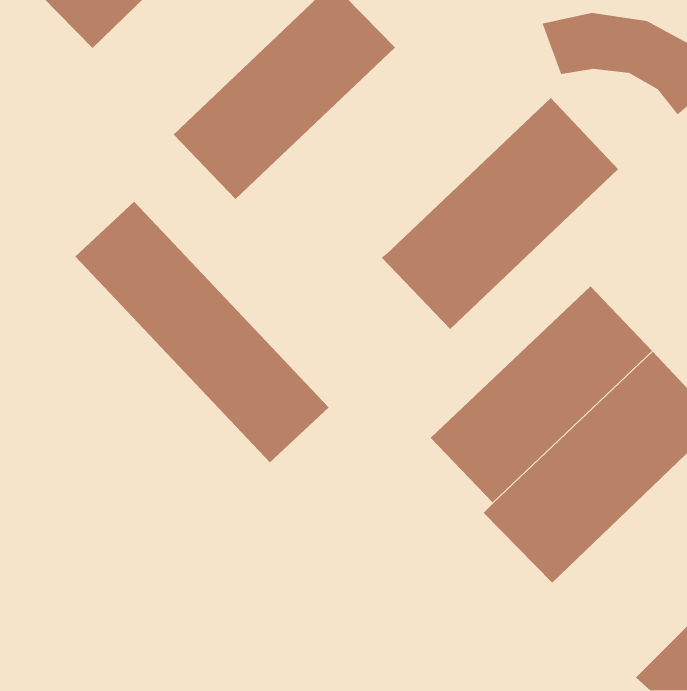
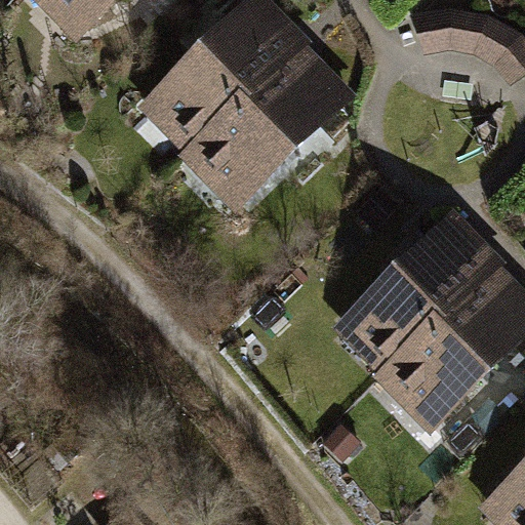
building: [381,97,619,330] -> [176,36,356,211]
building: [74,201,330,463] -> none

